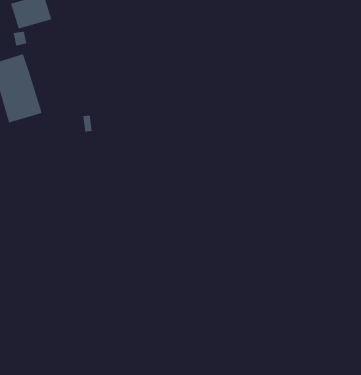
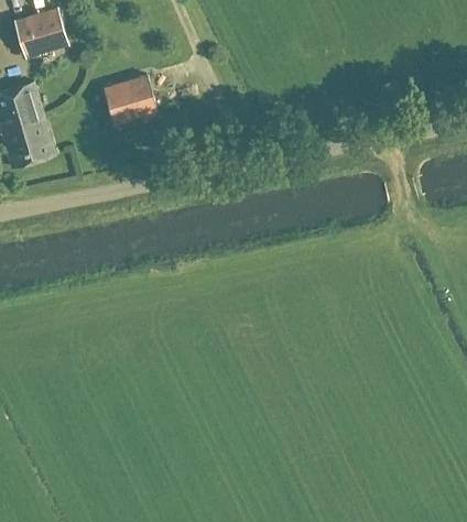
building: none -> [105,77,156,121]

